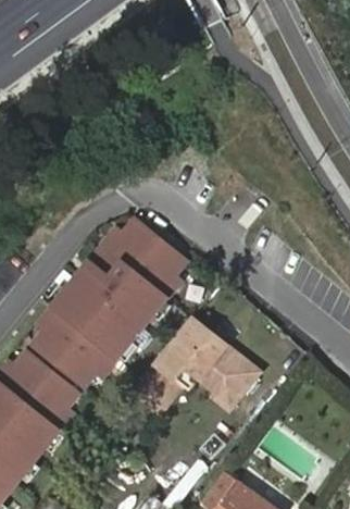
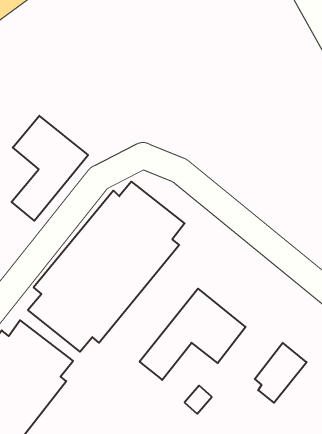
building: none -> [12,116,88,221]
building: [214,357,264,414] -> [255,343,307,403]

